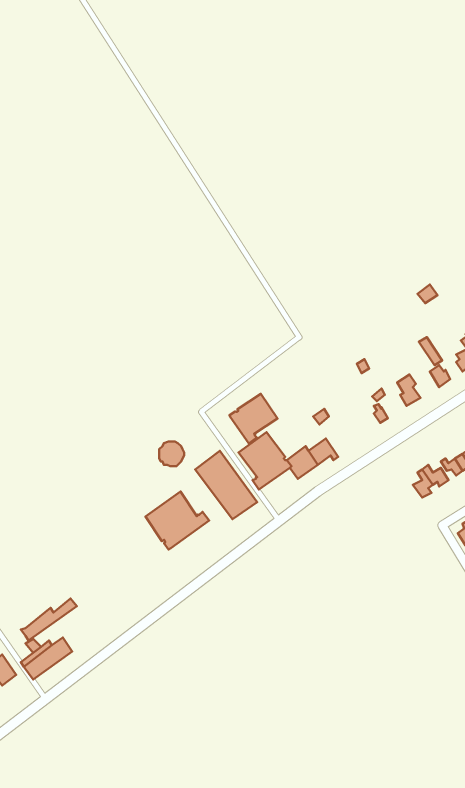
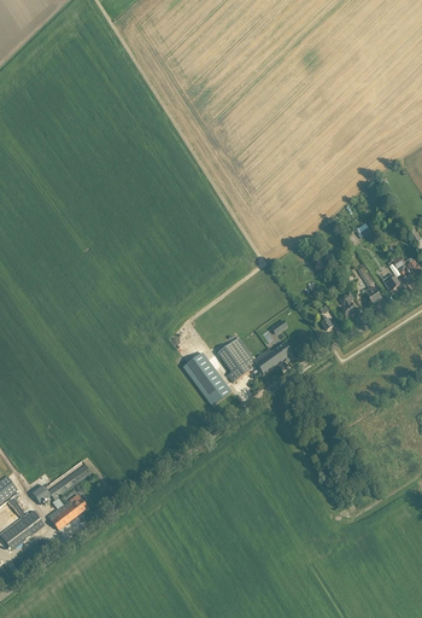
building: [229,394,277,444] -> none
building: [145,491,209,550] -> none

